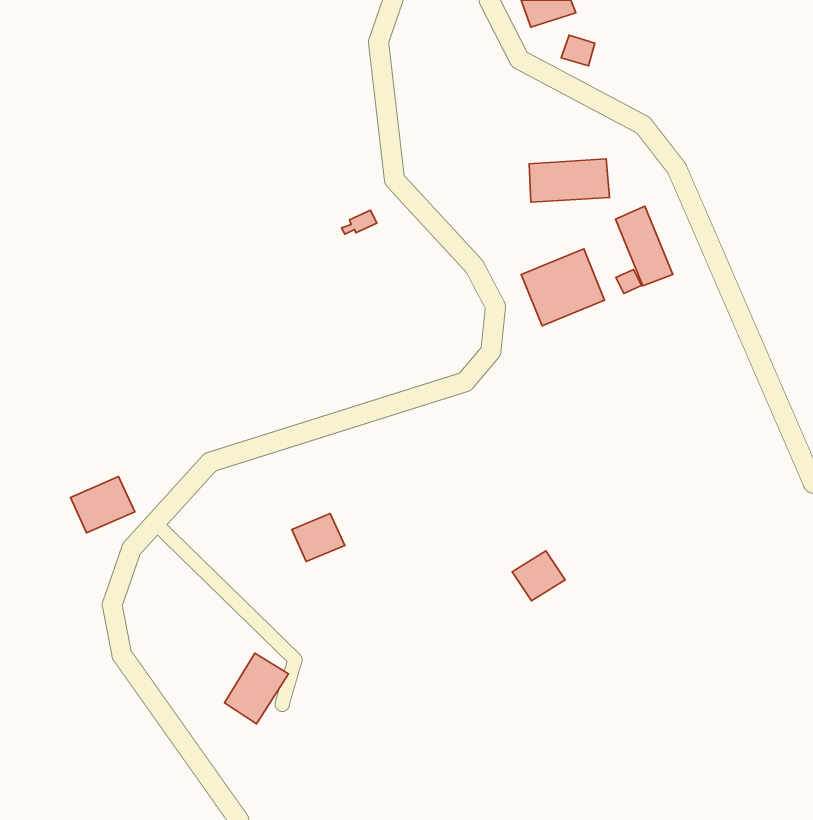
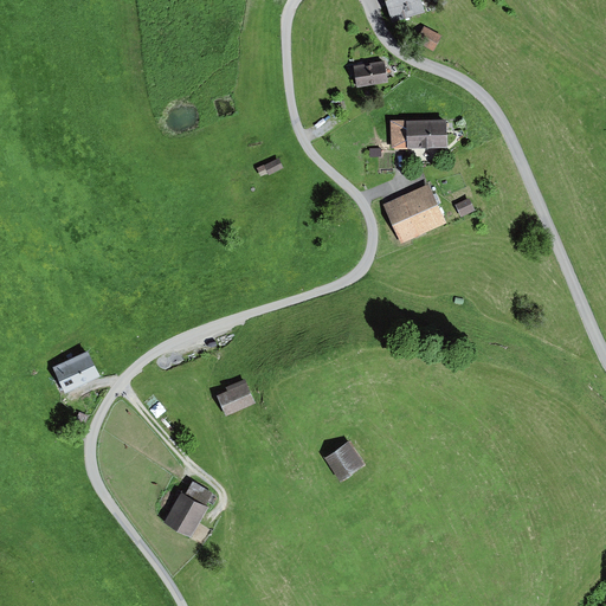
building: none -> [349,63,385,85]
building: [616,206,673,286] -> none
building: [512,551,565,601] -> [325,444,365,481]

